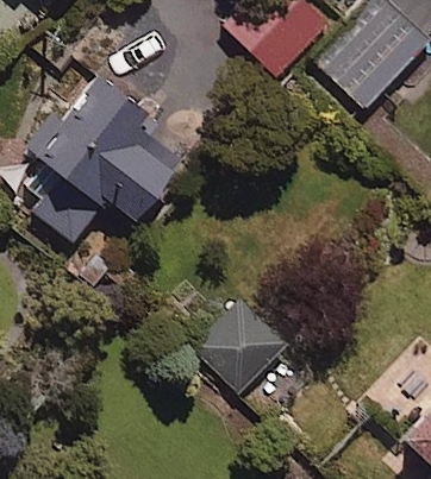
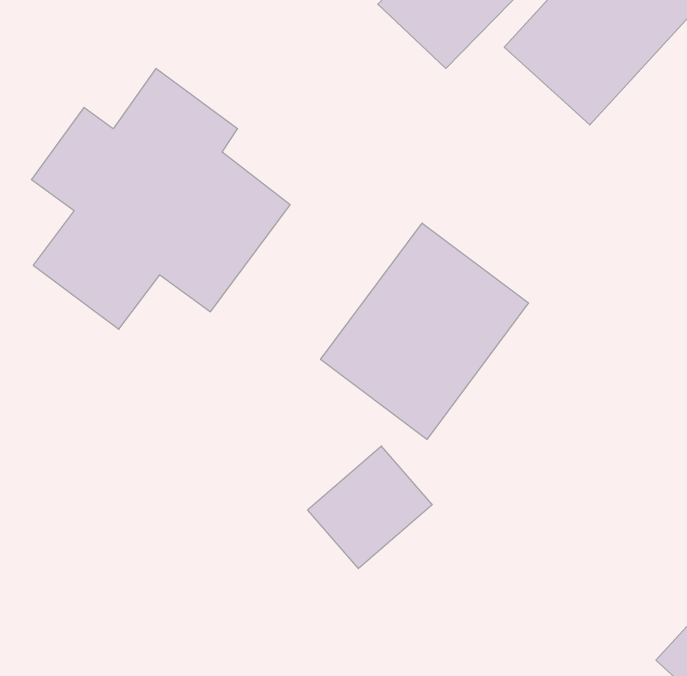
building: none -> [321,223,529,439]

